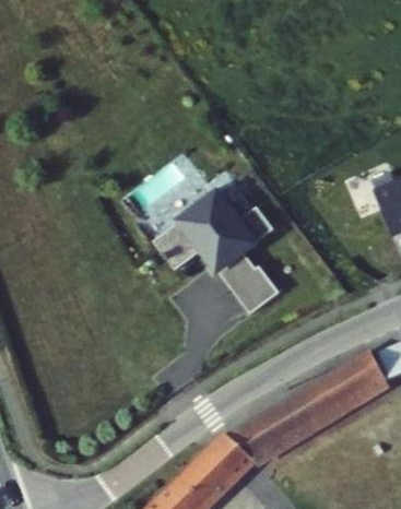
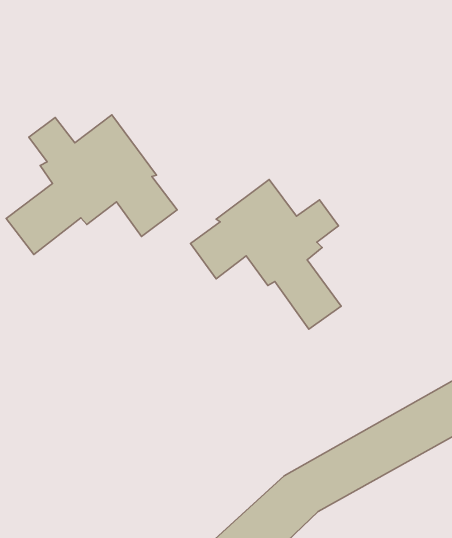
building: none -> [6,115,177,254]

